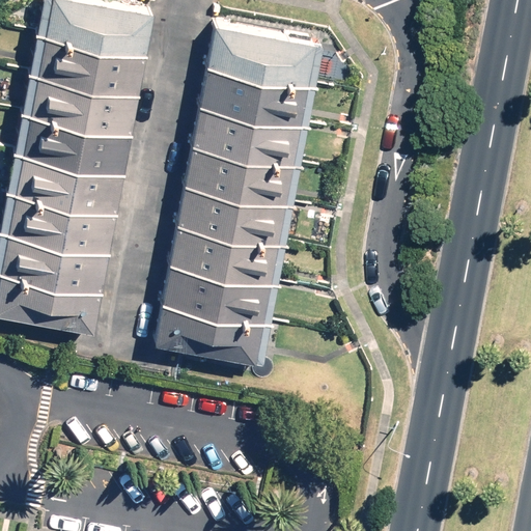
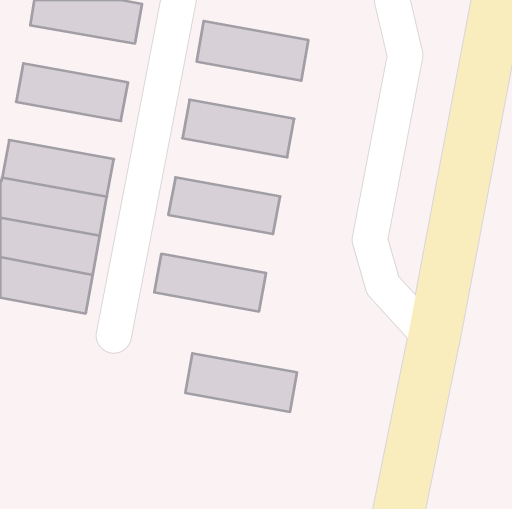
building: [27,32,142,91] -> none
building: [198,69,313,129] -> none
building: [12,111,128,170] -> none
building: [184,148,299,208] -> none
building: [169,227,284,287] -> none
building: [155,307,270,367] -> [185,353,297,412]

